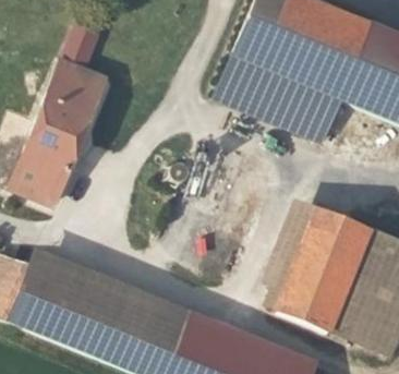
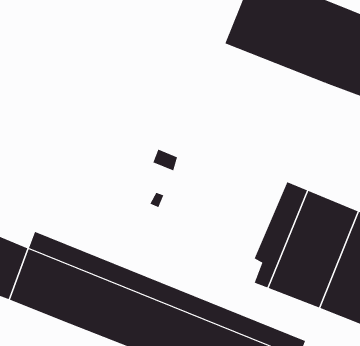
building: [13,25,104,204] -> none
building: [217,58,338,142] -> none

